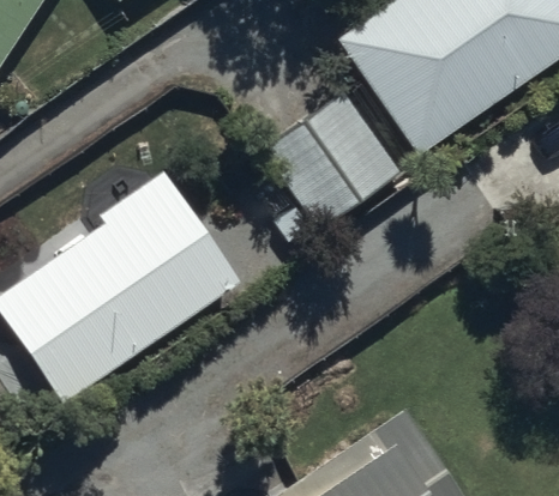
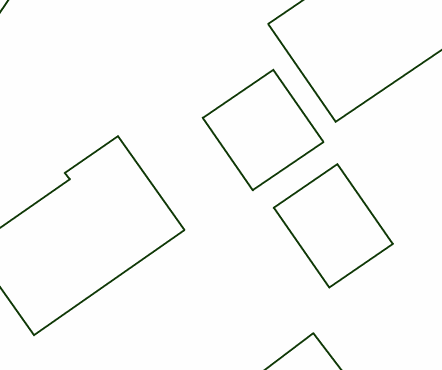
building: none -> [274,164,393,288]

